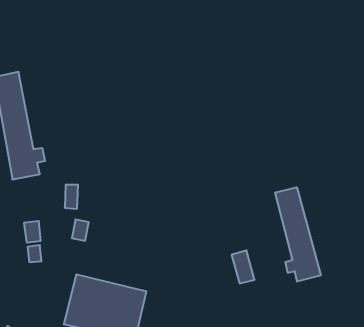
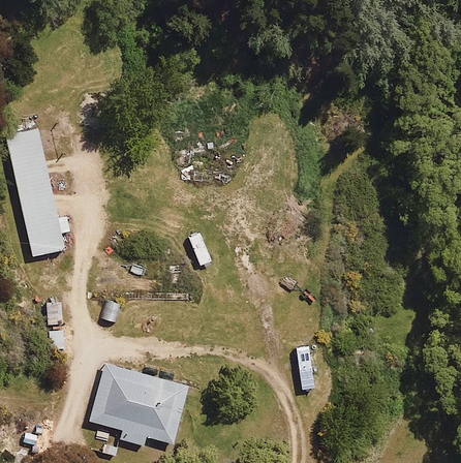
building: [275,187,321,282] -> none

